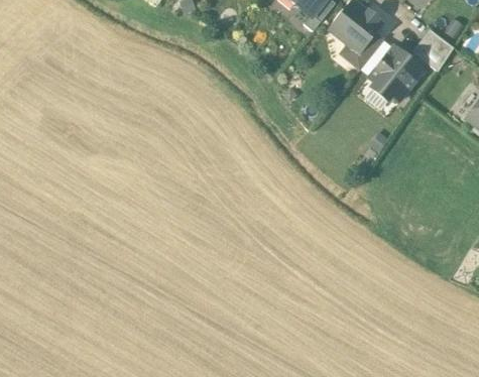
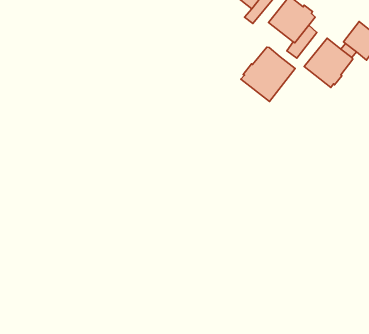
building: none -> [241,47,295,102]

